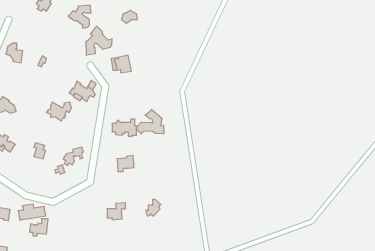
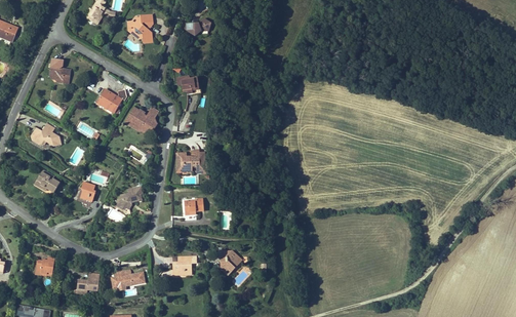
building: [86,26,112,55] -> none
building: [46,102,72,121] -> [95,88,126,111]
building: [137,109,164,134] -> none
building: [18,204,46,220] -> [110,269,144,288]

